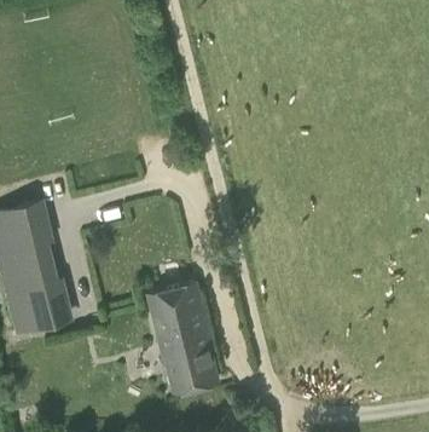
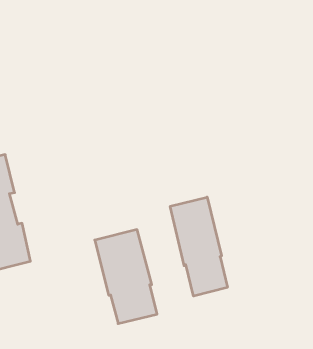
building: none -> [170,197,227,296]

